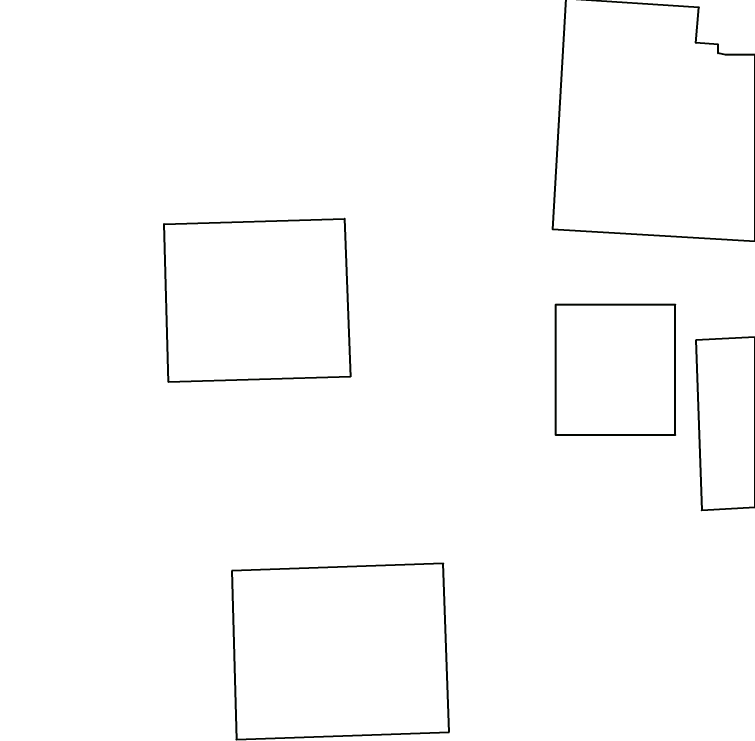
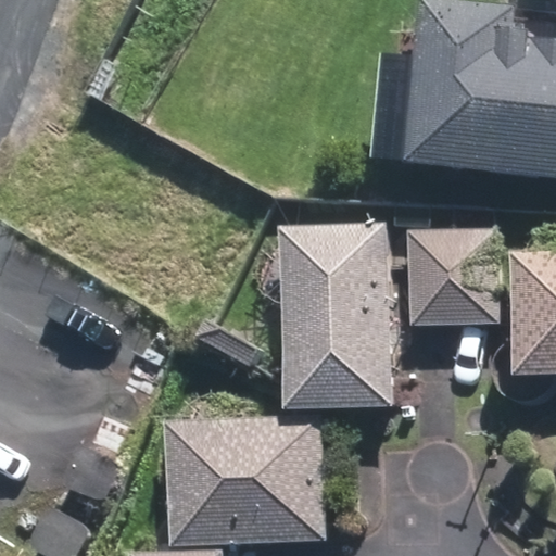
building: [164,219,350,382] -> none
building: none -> [279,223,391,410]

